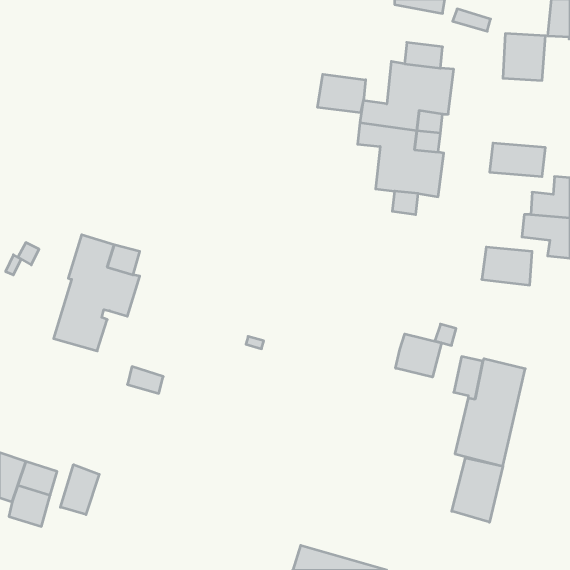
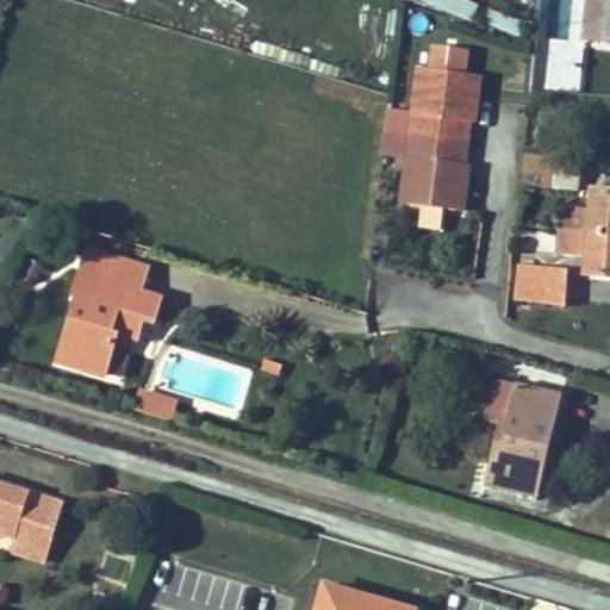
building: [318,74,366,113] -> none
building: [396,334,441,377] -> none
building: [452,458,503,522] -> none
building: [60,465,99,515] -> none

